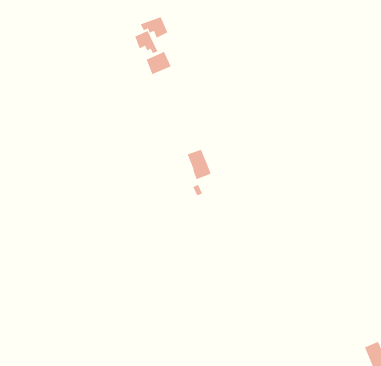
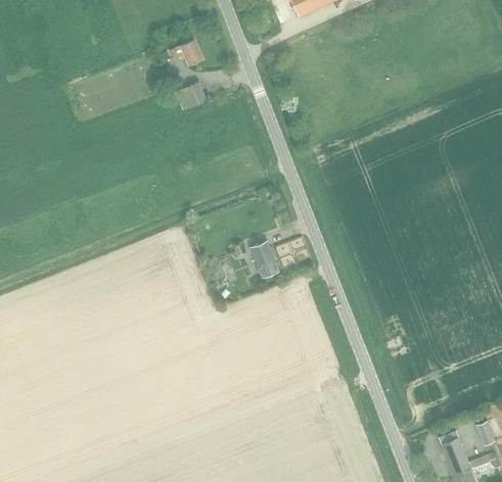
building: [135,30,158,54] -> none
building: [187,149,212,180] -> [249,240,279,277]

